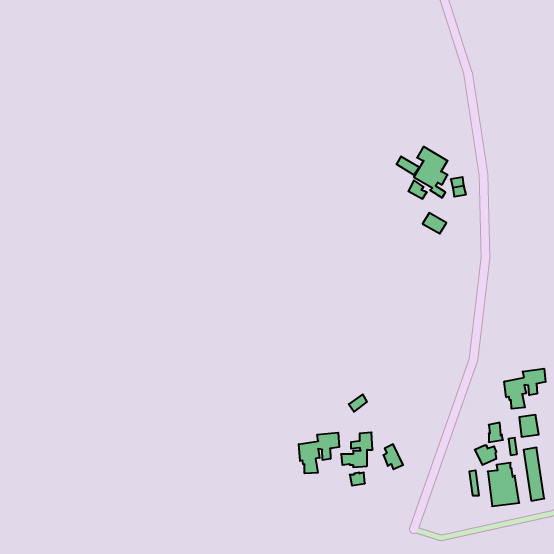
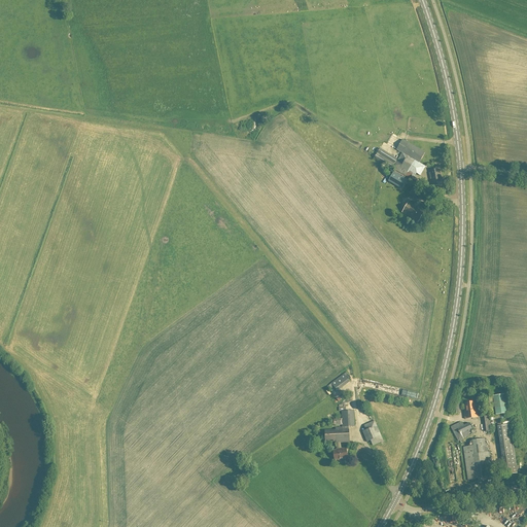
building: [504,369,546,409] -> none
building: [299,433,339,473] -> none

